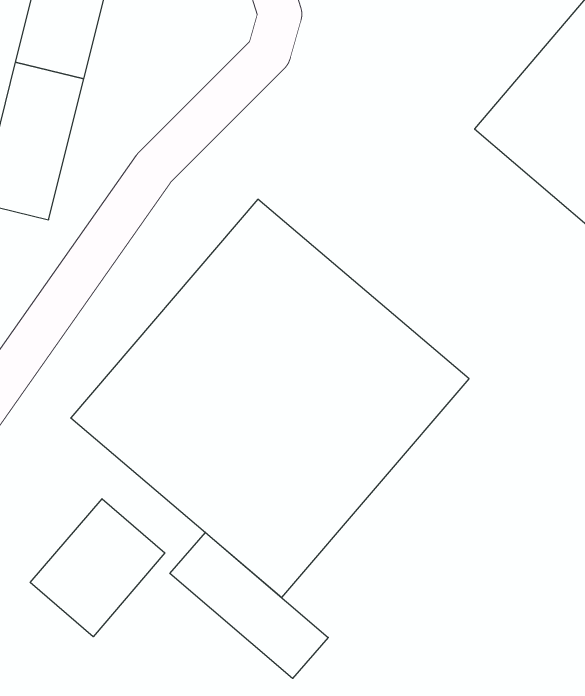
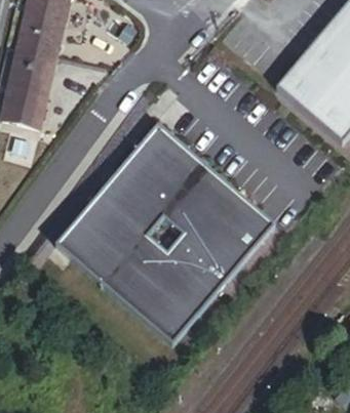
building: [30,499,165,637] -> none
building: [170,532,328,678] -> none

